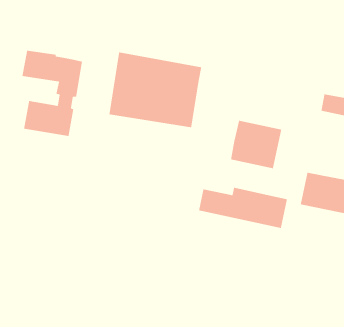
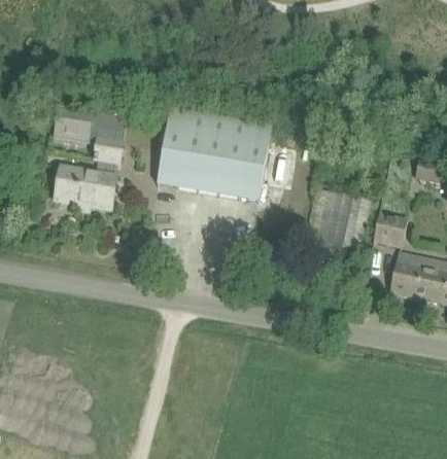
building: none -> [374,212,408,246]
building: [198,187,288,229] -> none

